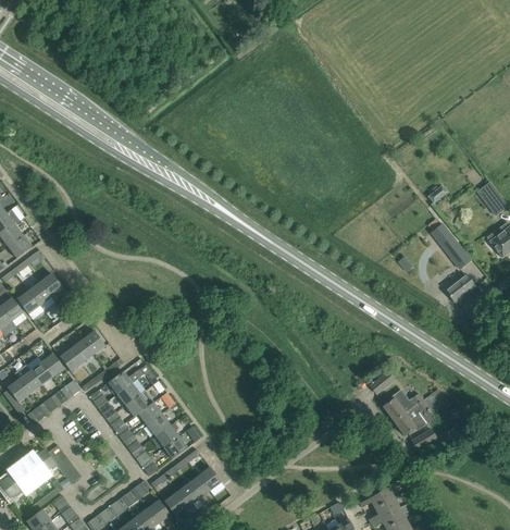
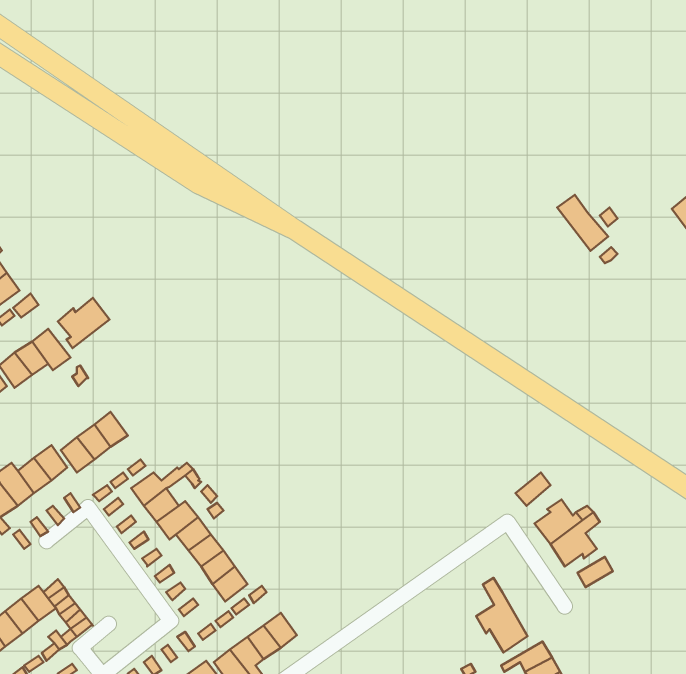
building: [436,231,471,269] -> [557,195,608,251]
building: none -> [58,298,109,348]
building: [445,273,475,303] -> none
building: none -> [476,578,527,653]

